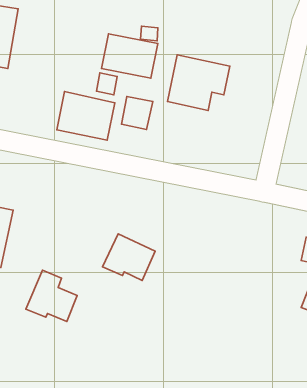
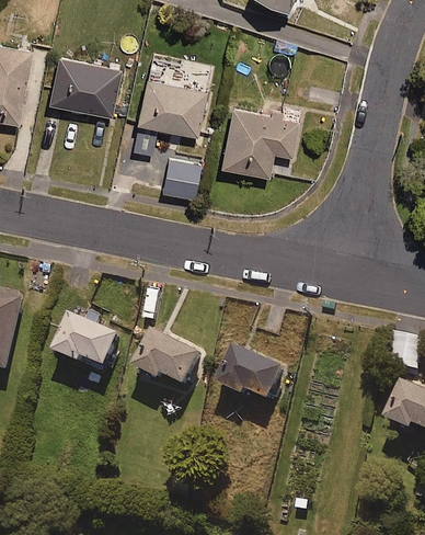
building: [57,92,115,140] -> [46,55,119,116]
building: none -> [221,350,287,405]
building: [26,270,77,321] -> [56,307,120,372]

